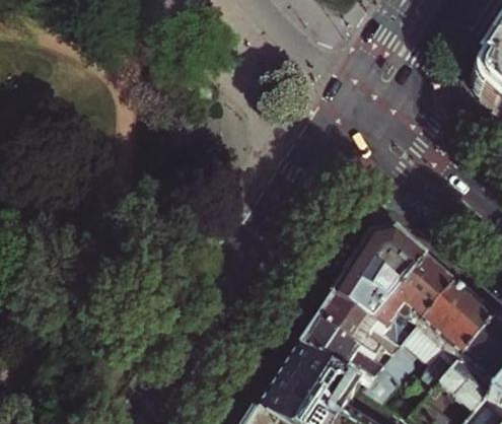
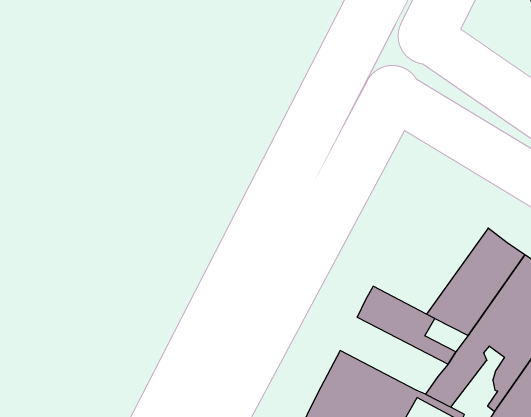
building: [336,234,432,326] -> none
building: [304,323,389,385] -> none

